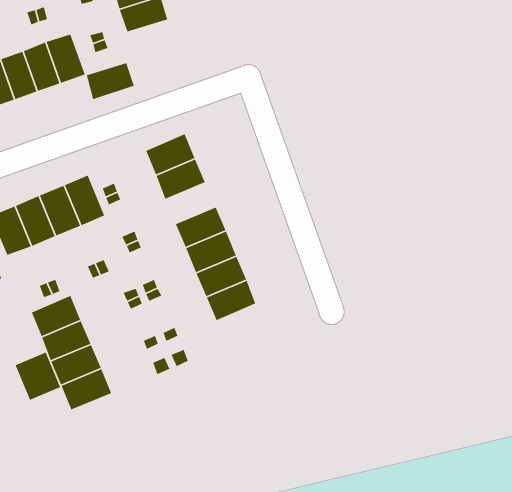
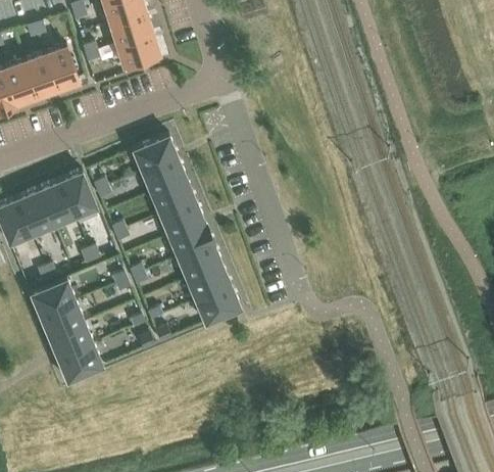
building: [86,62,135,100] -> [116,34,160,67]
building: none -> [150,179,196,216]
building: none -> [196,287,241,324]
building: [15,352,61,401] -> none

